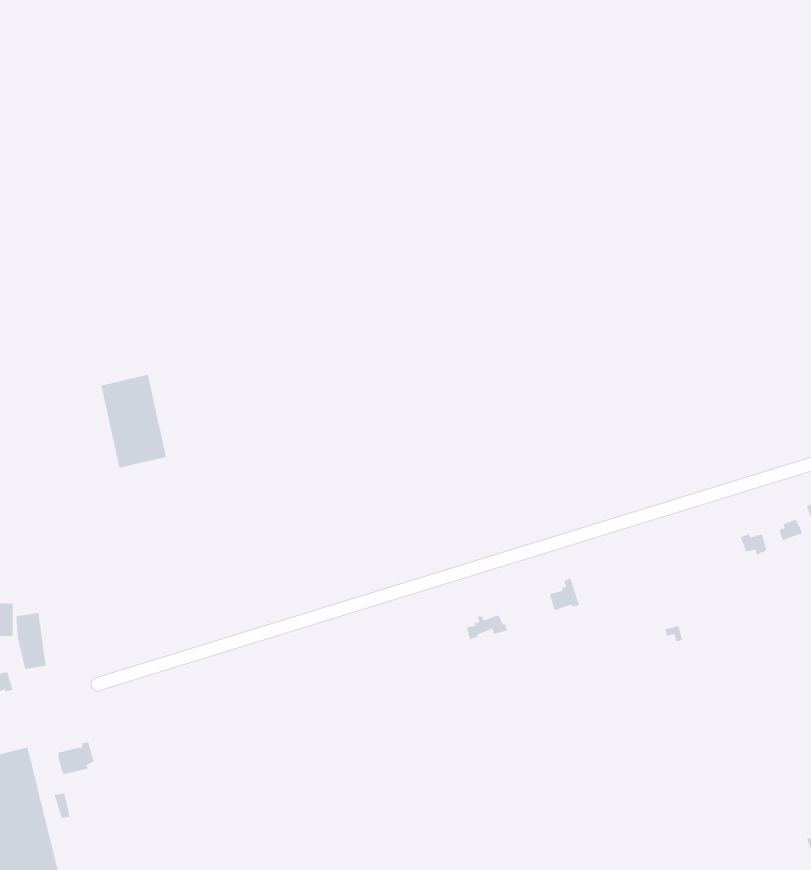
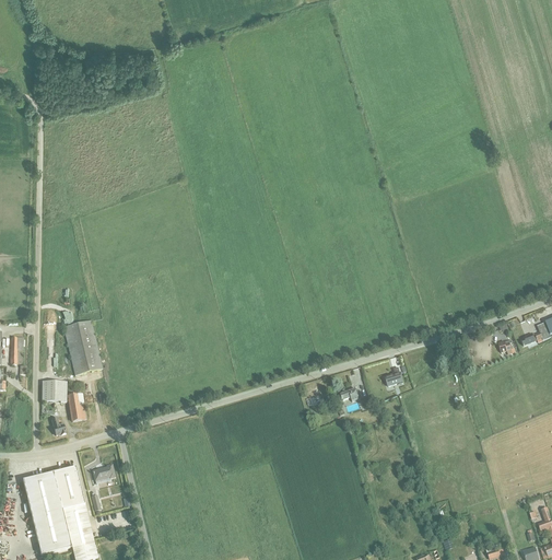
building: [101,374,167,468] -> [62,318,102,374]

